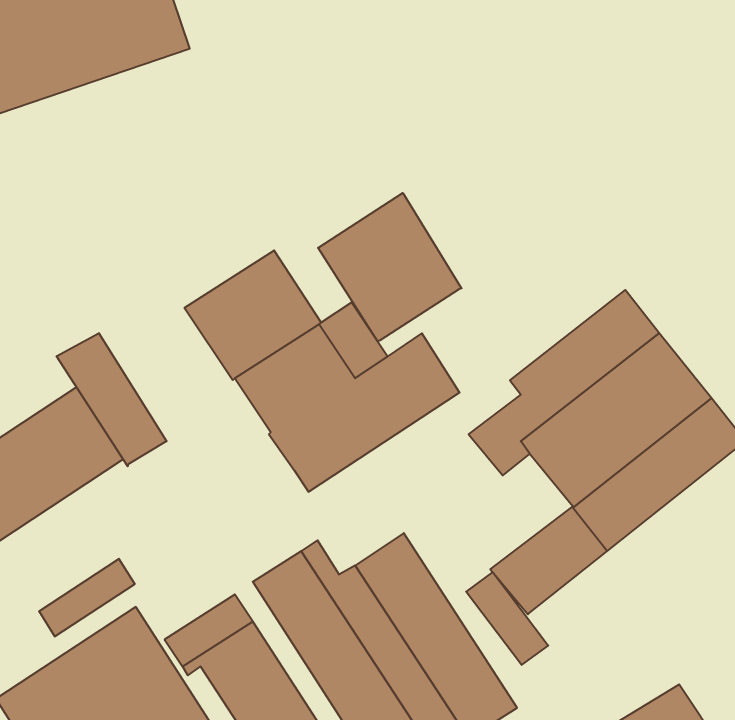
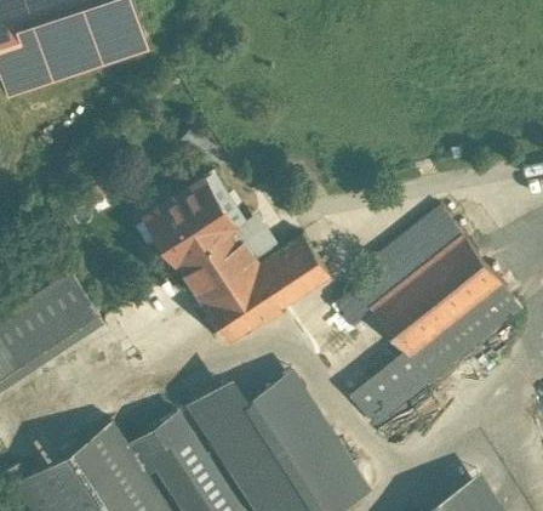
building: [318,193,462,341] -> none
building: [57,333,167,466] -> none
building: [39,559,135,637] -> none
building: [466,572,548,665] -> none

